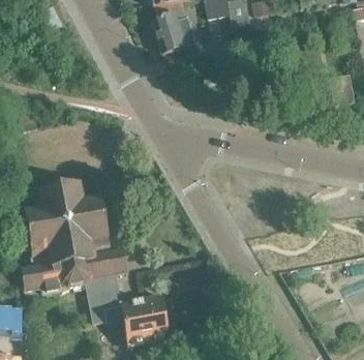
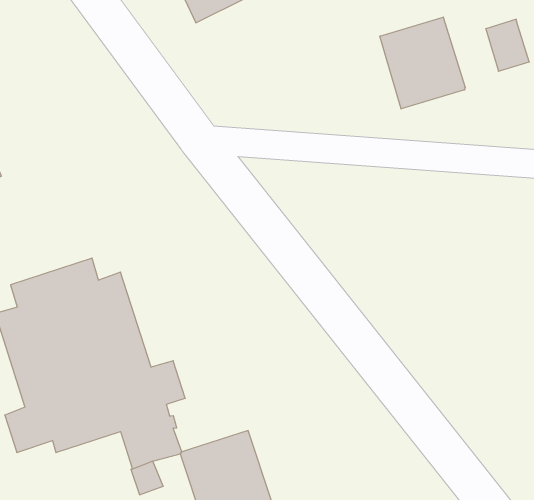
building: none -> [380,17,465,109]

